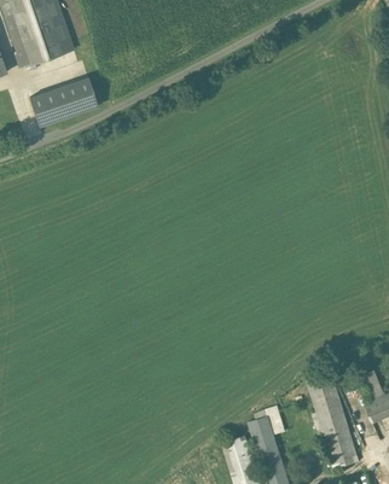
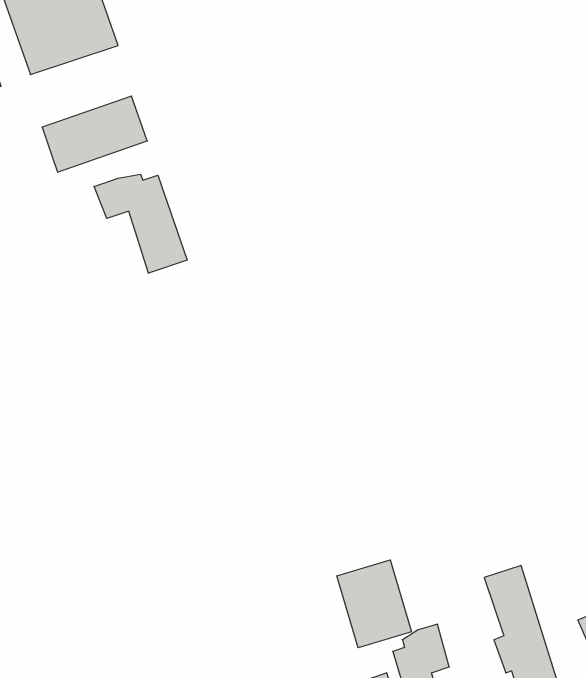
building: none -> [94,174,187,273]
building: none -> [337,560,412,648]

